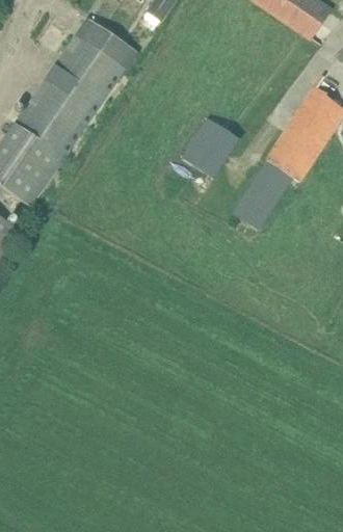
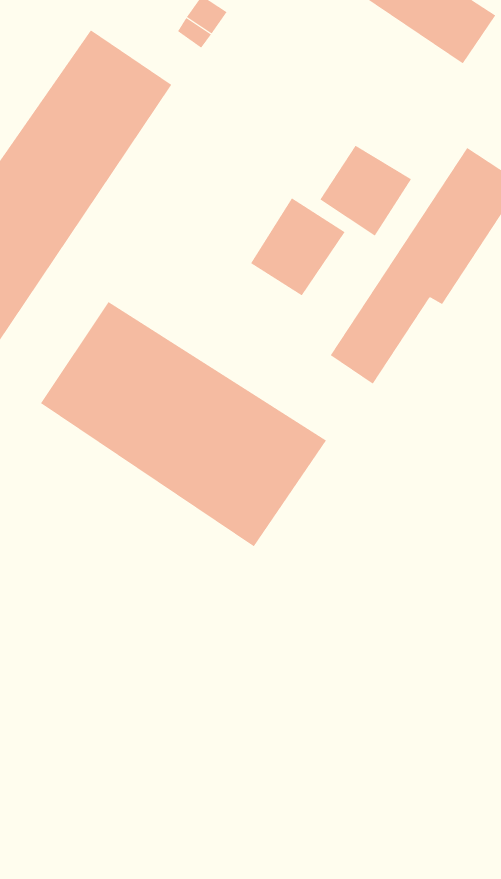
building: none -> [320,145,412,236]
building: none -> [40,301,327,547]

